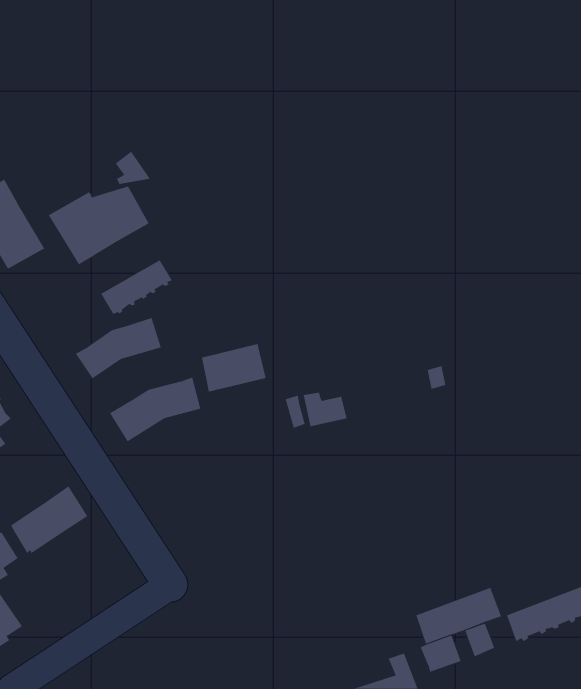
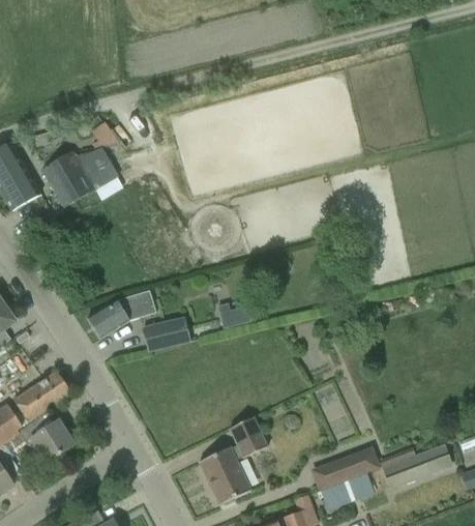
building: [101,259,173,315] -> none
building: [75,317,161,379] -> none
building: [201,343,267,392] -> [142,315,190,351]
building: none -> [18,411,75,463]
building: none -> [199,416,267,504]

